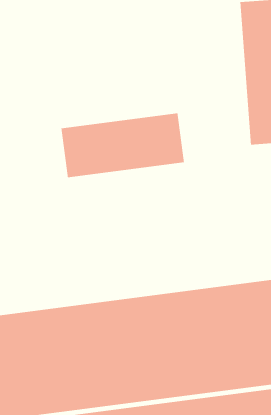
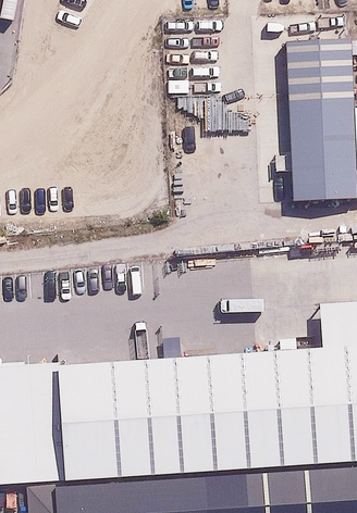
building: [61,113,184,178] -> none

